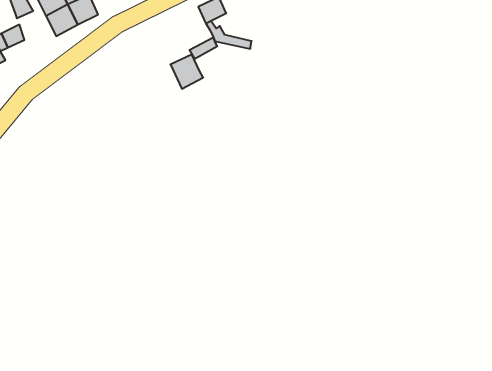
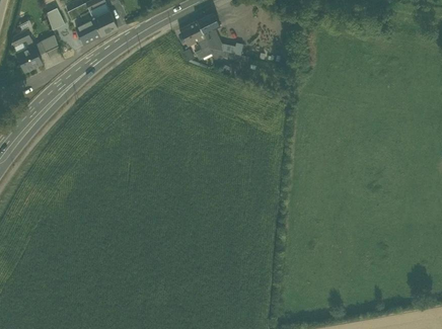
building: [170,54,203,89] -> [179,21,206,49]

